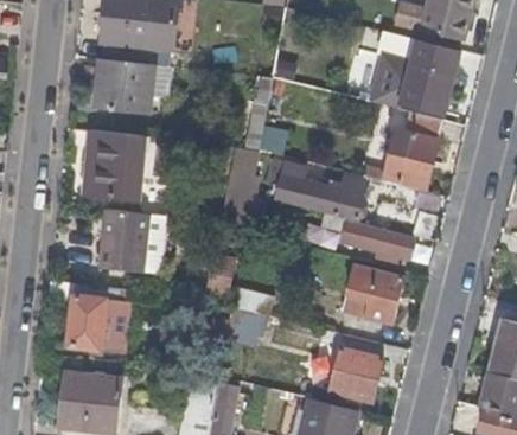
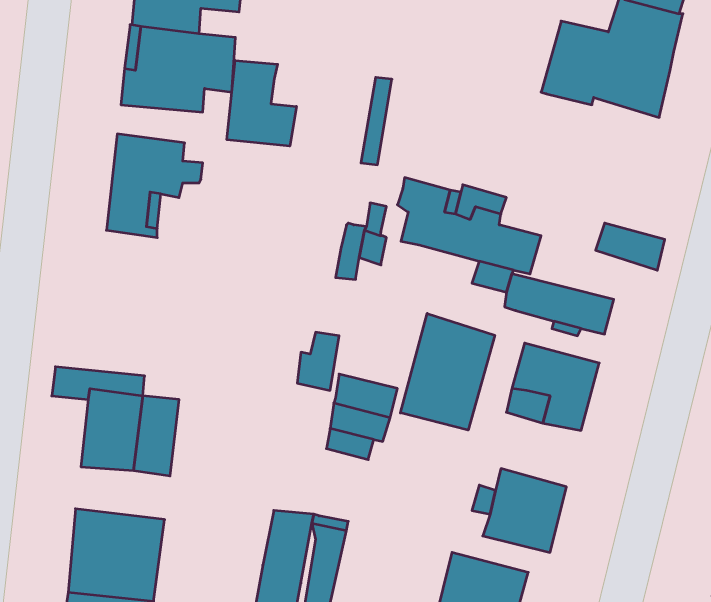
building: none -> [227,60,296,146]
building: [363,102,441,186] -> none
building: [100,209,166,271] -> none
building: none -> [400,313,495,430]

